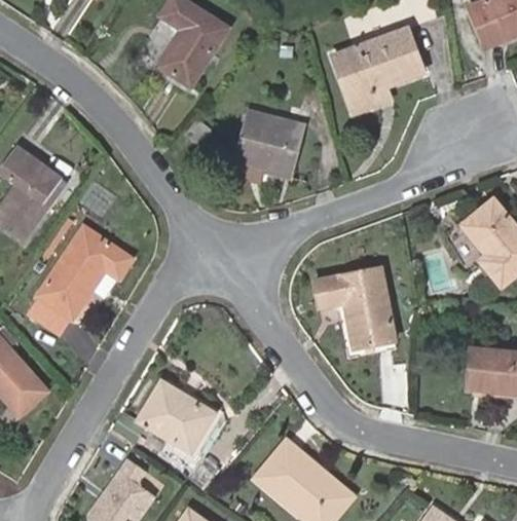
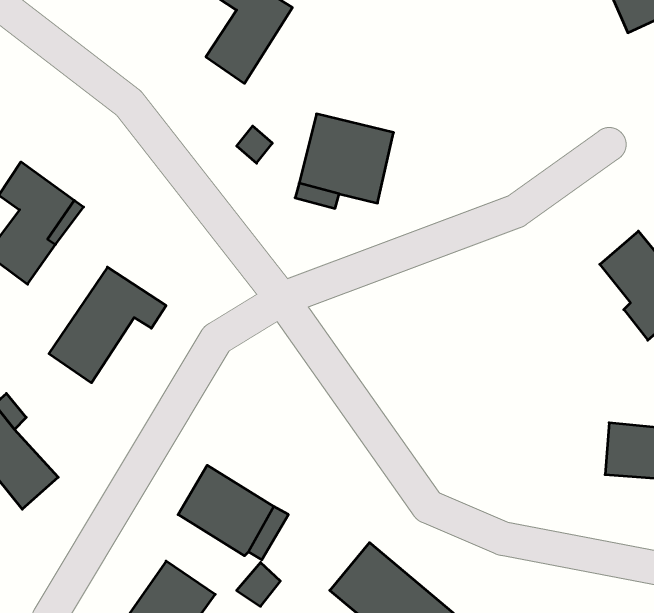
building: [334,31,418,111] -> none
building: [313,269,393,347] -> none
building: [26,295,71,335] -> none

